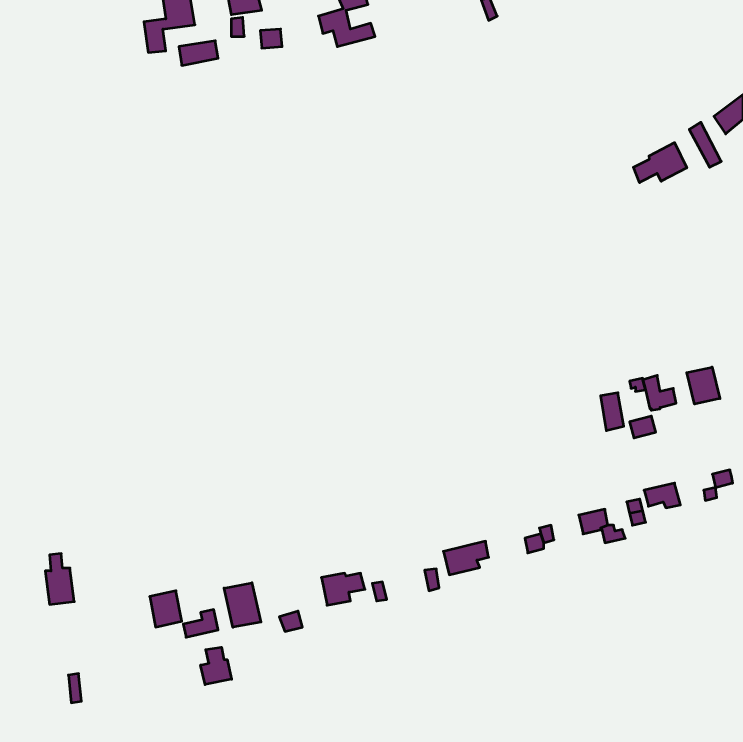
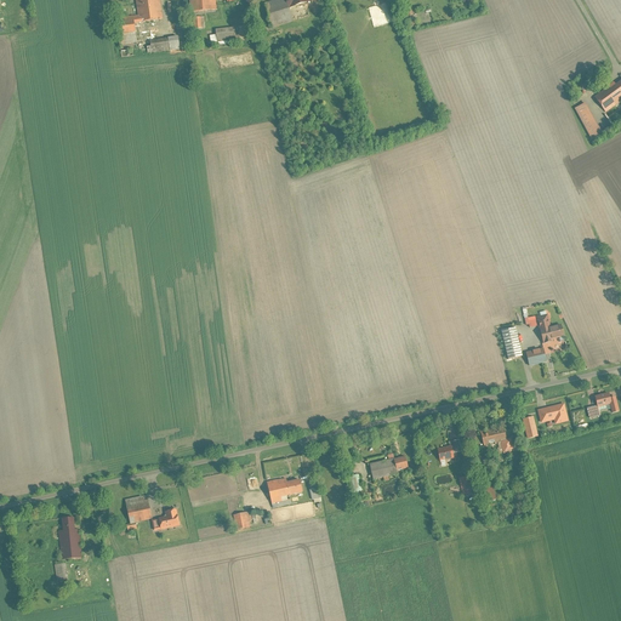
building: [633,143,687,183] -> none
building: [687,367,720,404] -> none
building: [45,554,74,604] -> [59,517,84,559]
building: [224,583,261,627] -> none
building: [201,647,232,685] -> none

